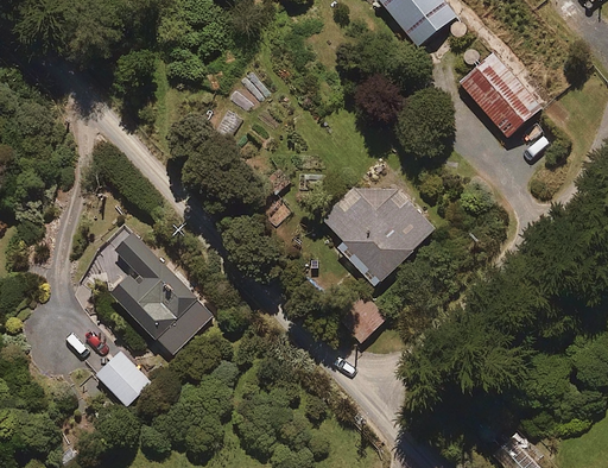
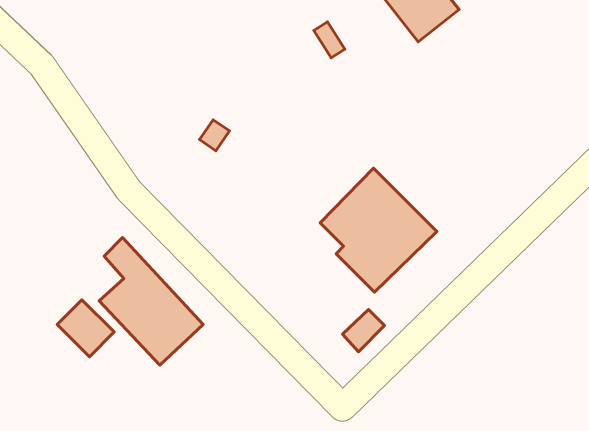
building: [458,52,540,137] -> none
building: [96,352,151,406] -> [57,300,114,357]

